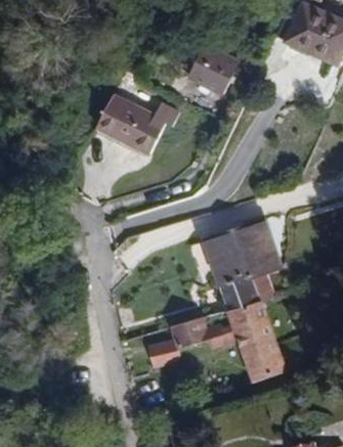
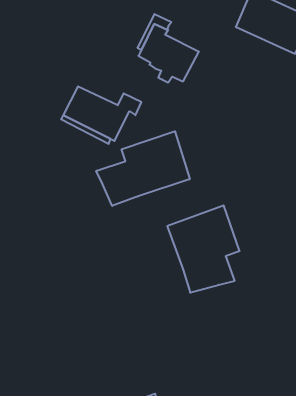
building: none -> [96,131,190,206]
building: [148,301,285,381] -> none

